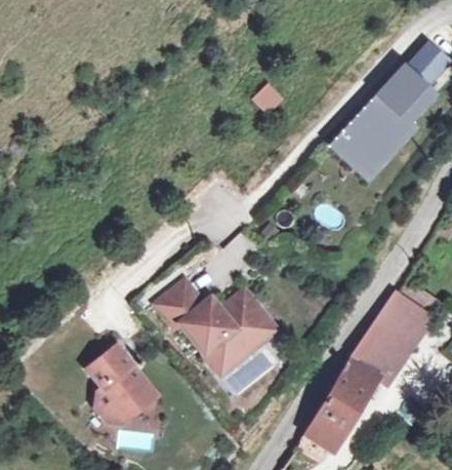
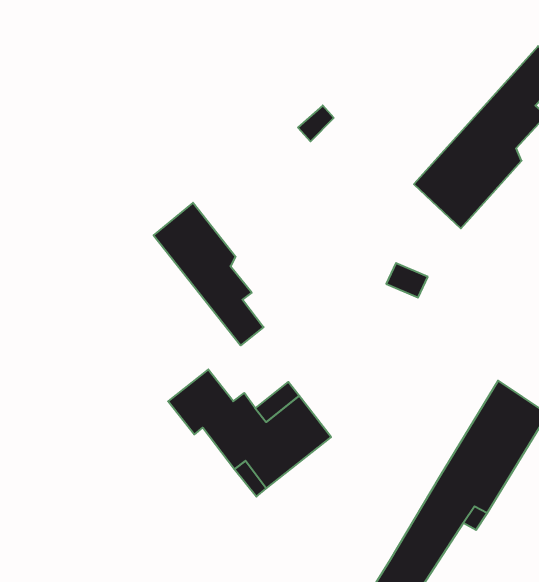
building: none -> [154,203,264,345]
building: [86,346,155,423] -> none

